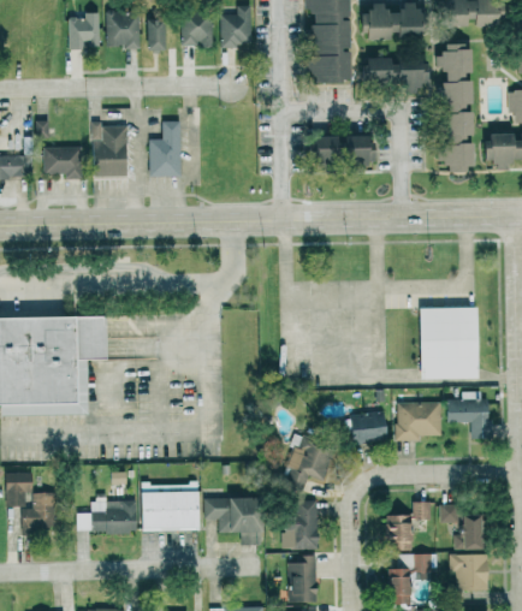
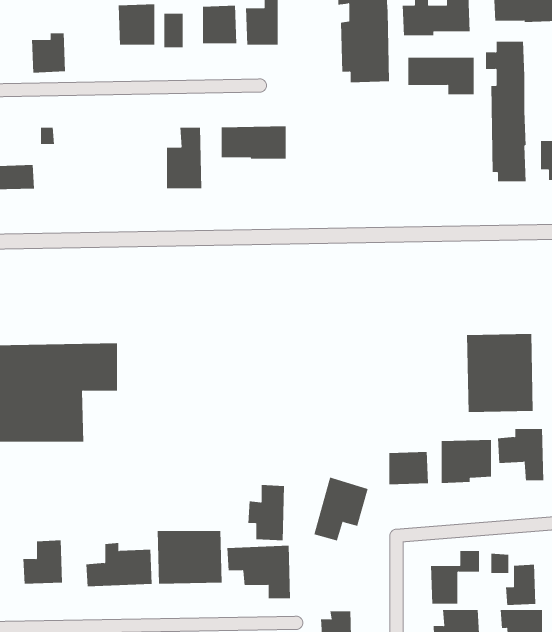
building: [70,13,101,49] -> [31,33,66,73]
building: [94,125,127,177] -> none
building: [314,135,373,165] -> [221,126,286,159]
building: [45,147,82,179] -> none
building: [7,473,34,506] -> none
building: [285,500,319,551] -> [247,485,285,541]

